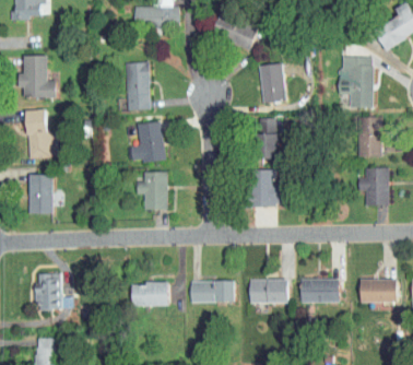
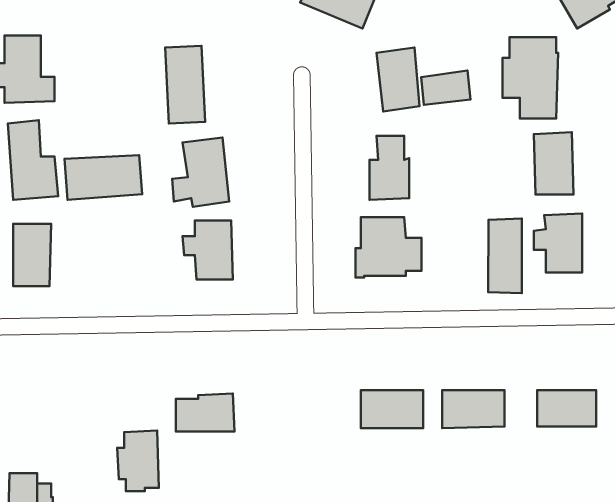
building: none -> [421,70,470,105]
building: none -> [64,155,142,200]
building: none -> [488,219,522,293]
building: [35,272,61,310] -> [117,431,159,491]
building: [190,281,235,302] -> none

